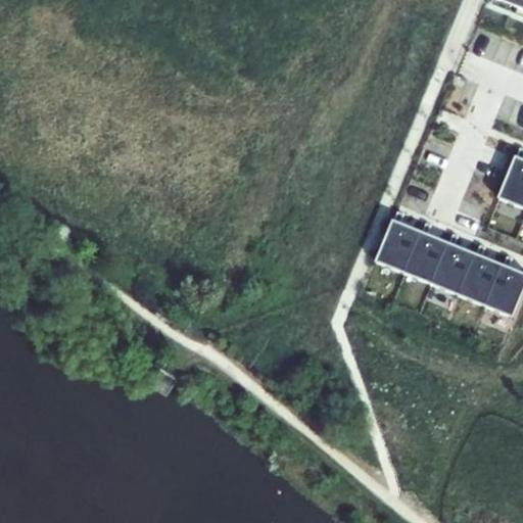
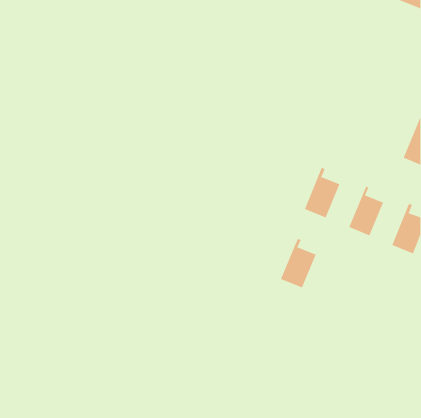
building: [405,220,449,282] -> [280,238,316,288]
building: [459,241,503,304] -> none

